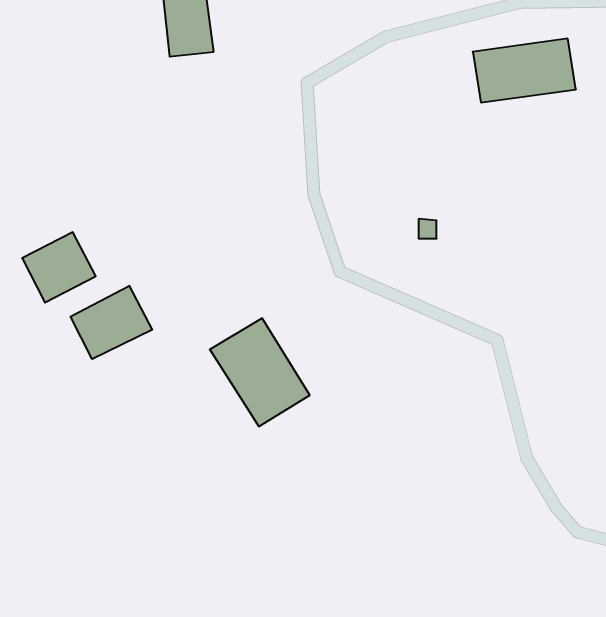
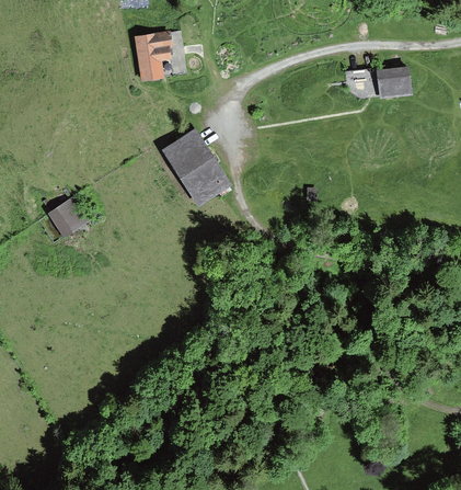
building: [71,286,152,359] -> none
building: [210,318,310,426] -> [161,130,228,203]

